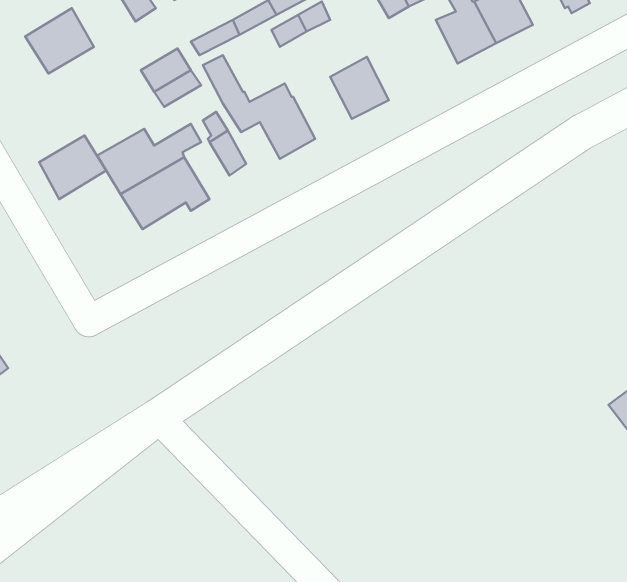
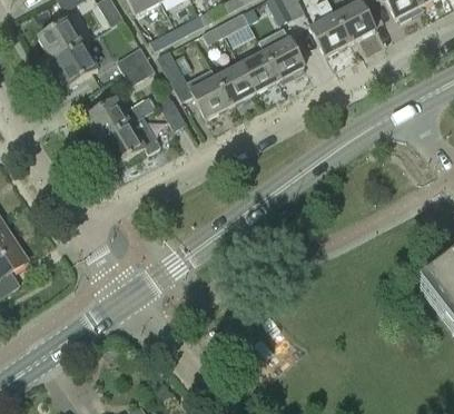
building: none -> [265,39,304,80]
building: none -> [216,65,255,106]
building: [39,135,106,199] -> [53,45,98,87]

